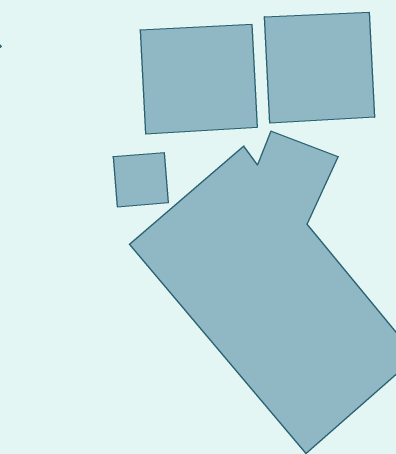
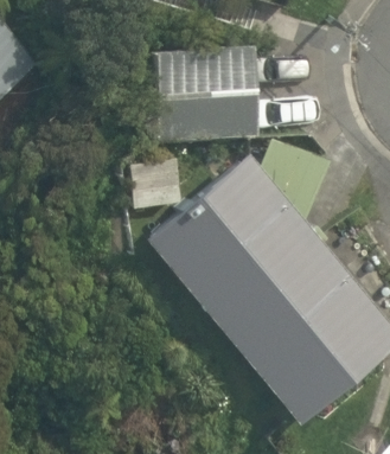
building: [264,12,375,123] -> none

